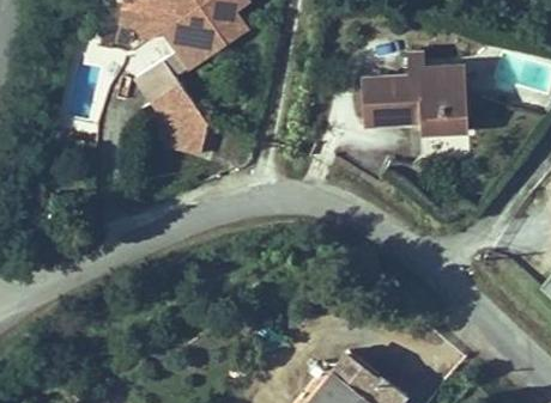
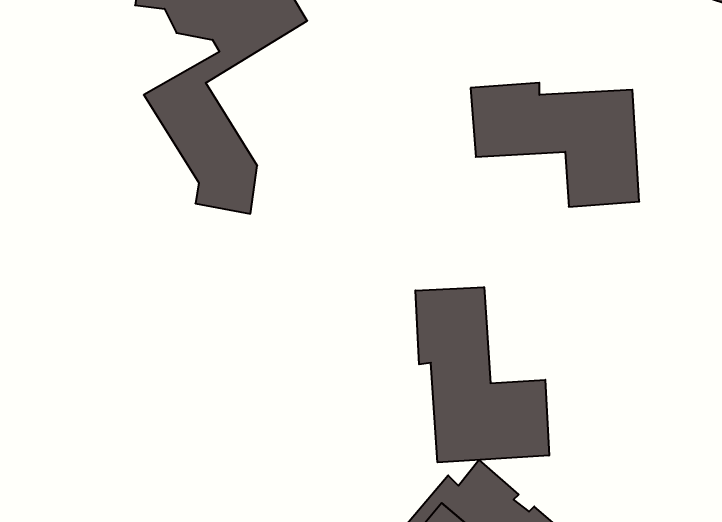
building: [398,54,464,85] -> none
building: none -> [415,287,549,462]

